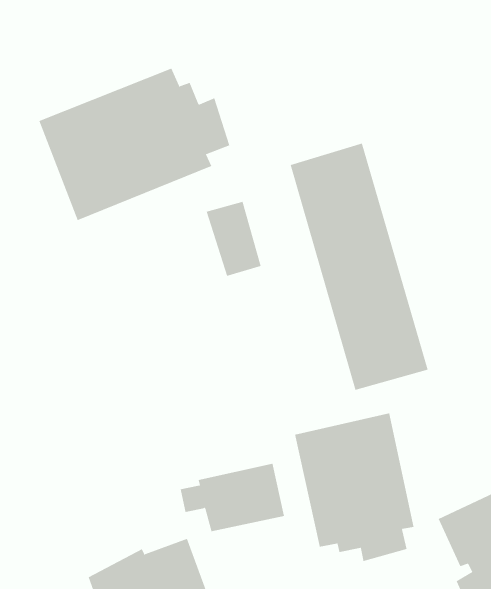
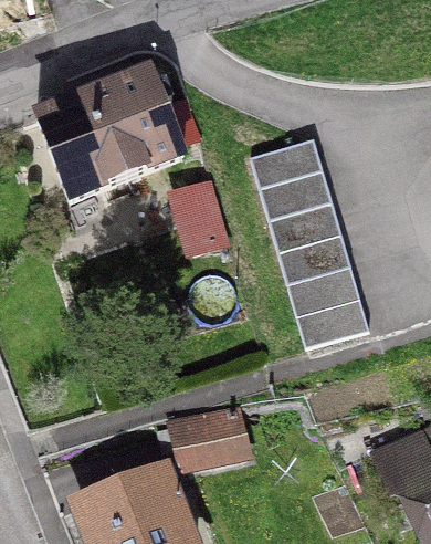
building: [295,413,414,562] -> none

